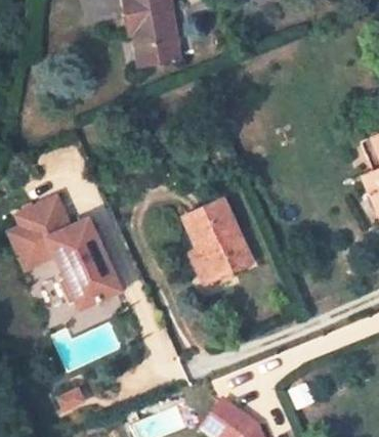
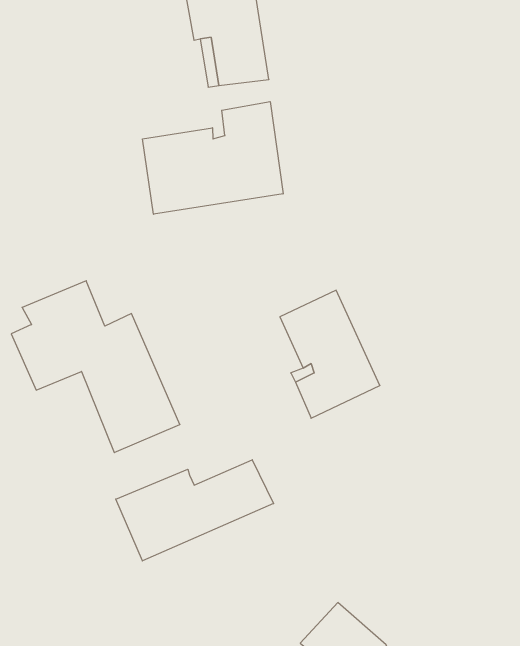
building: none -> [143,102,283,214]
building: none -> [116,460,274,561]

